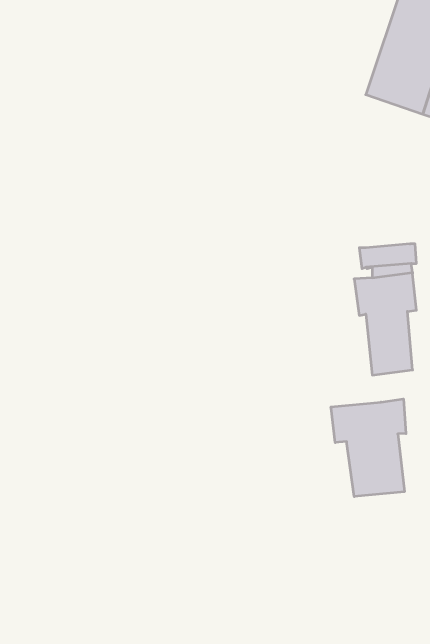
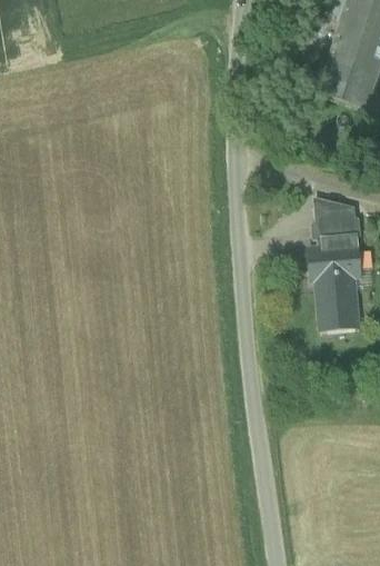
building: none -> [314,196,354,220]
building: [331,399,406,497] -> none

